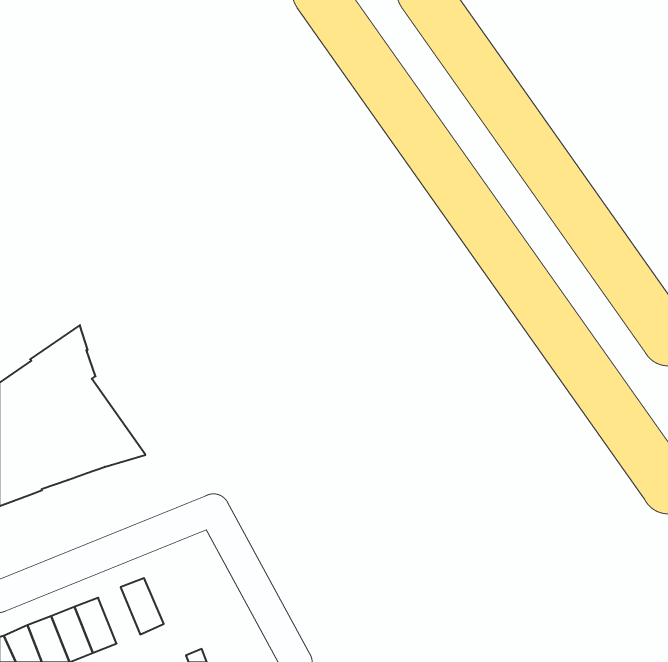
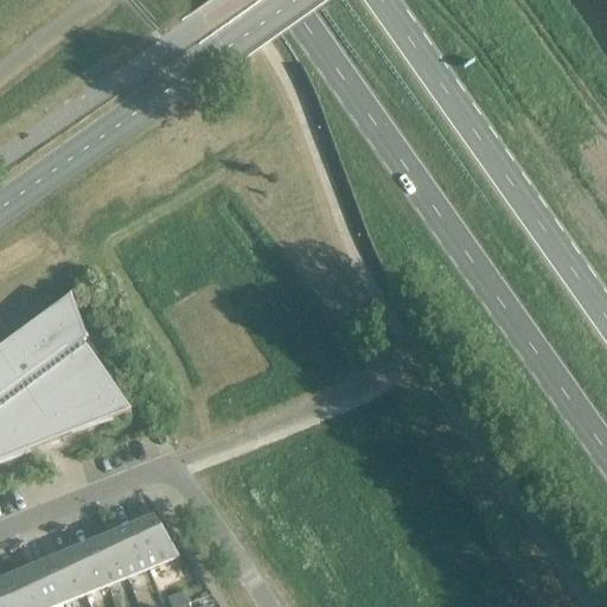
building: none -> [130,513,178,564]
building: none -> [89,531,127,582]

